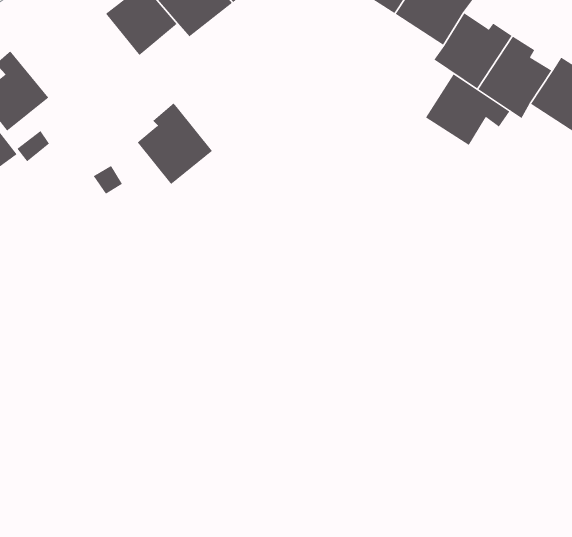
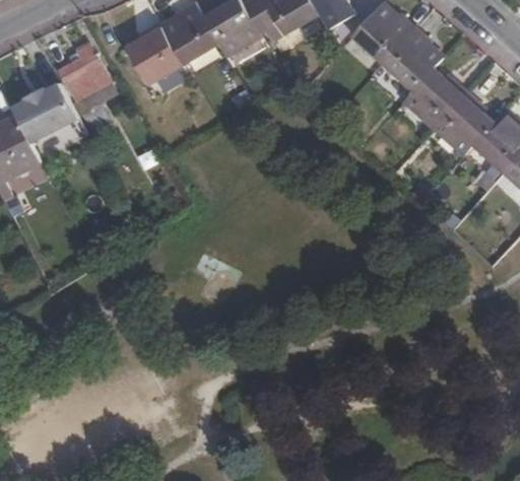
building: [425,74,510,146] -> none
building: [137,103,213,185] -> [129,22,185,83]

